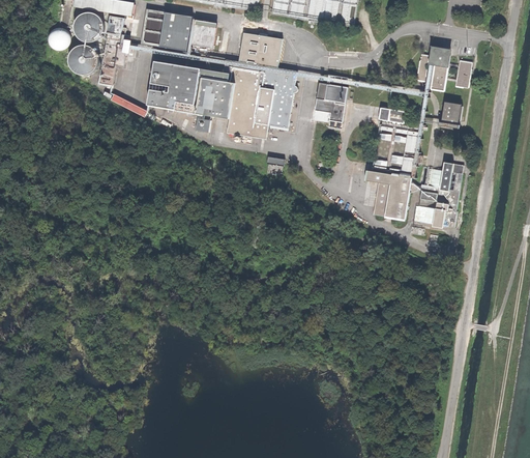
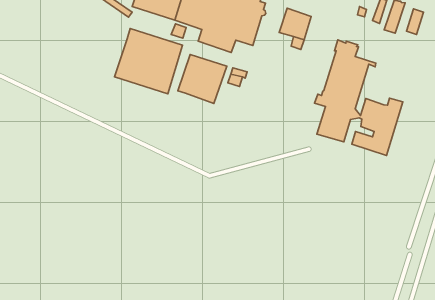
building: [440,101,461,126] -> none
building: none -> [114,28,183,94]
building: none -> [178,54,227,103]

